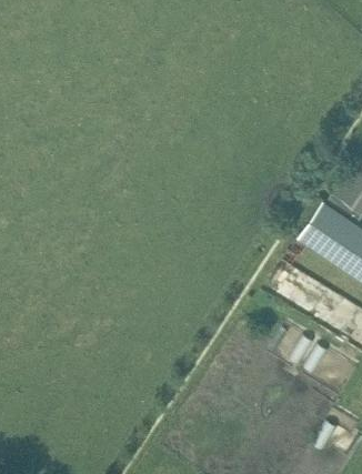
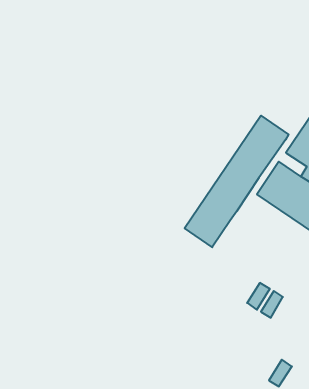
building: none -> [185,116,289,247]

